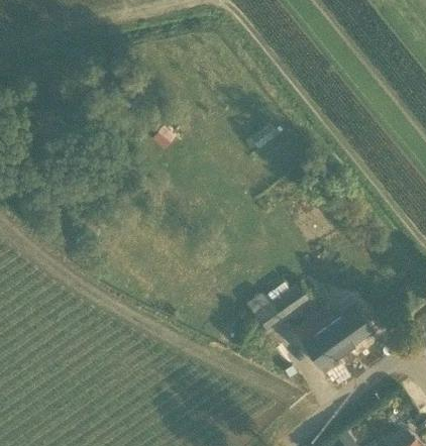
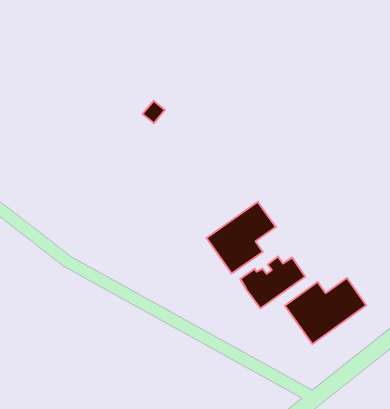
building: none -> [206,202,276,274]

